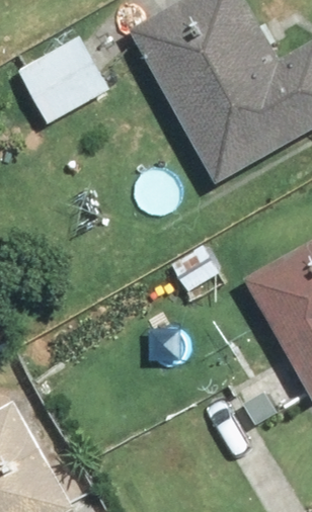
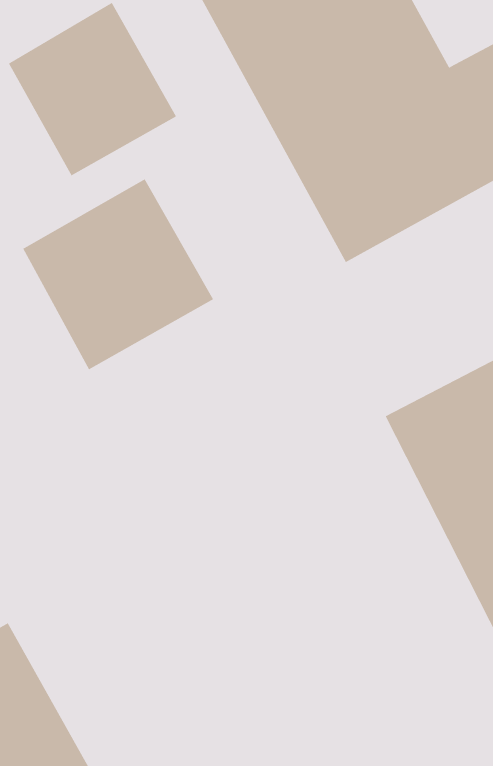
building: none -> [23,178,214,370]

